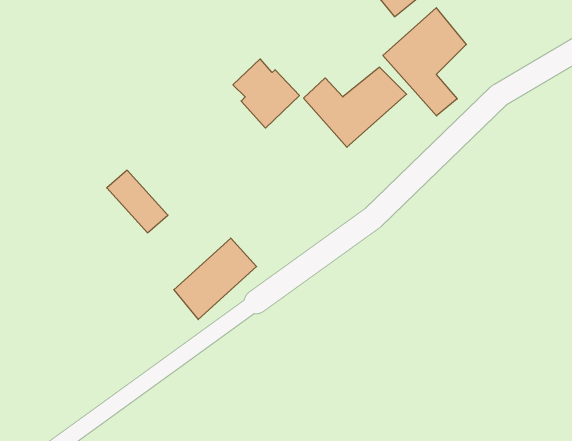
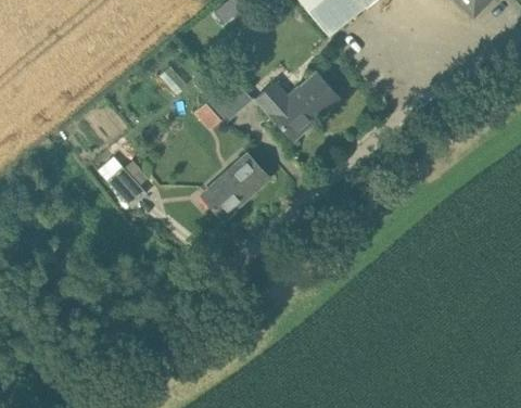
building: [383,8,466,116] -> none
building: [174,238,257,320] -> [203,155,269,220]

